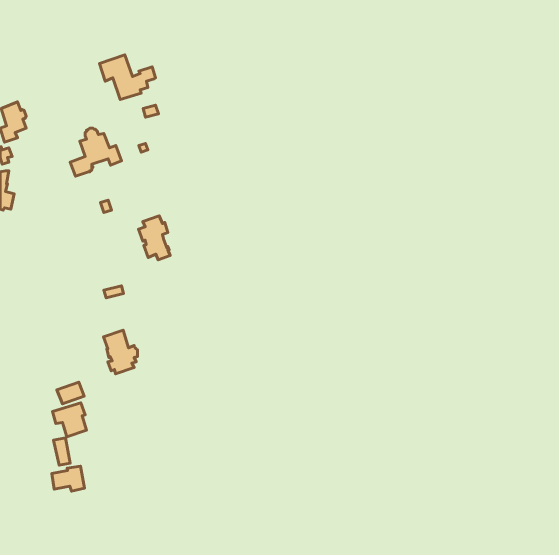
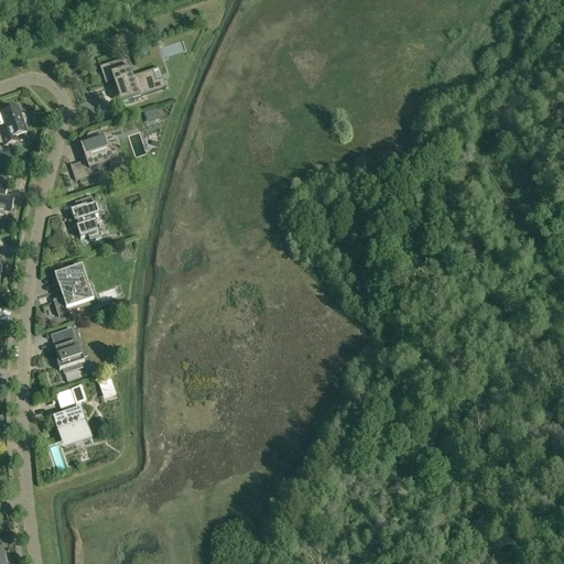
building: [138,216,170,260] -> [70,195,102,239]
building: none -> [53,264,94,314]
building: [103,330,137,374] -> [52,327,86,371]
building: [52,466,85,491] -> none

